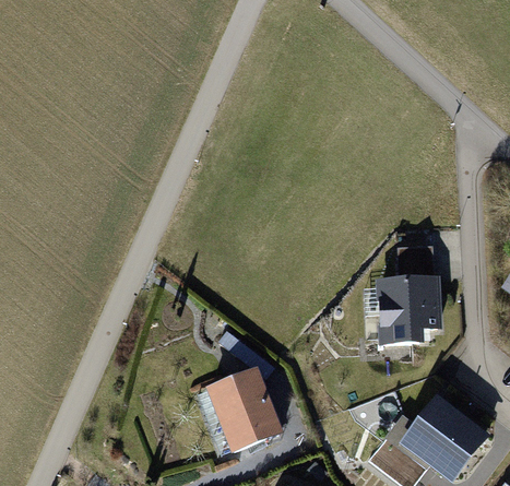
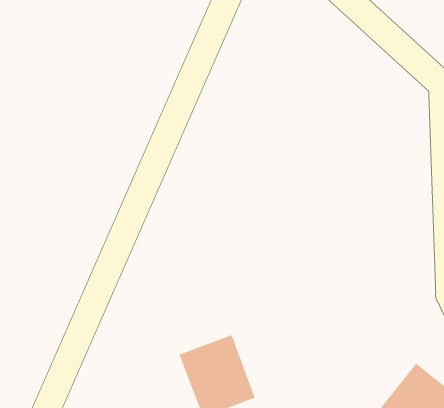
building: [375,276,441,344] -> none

